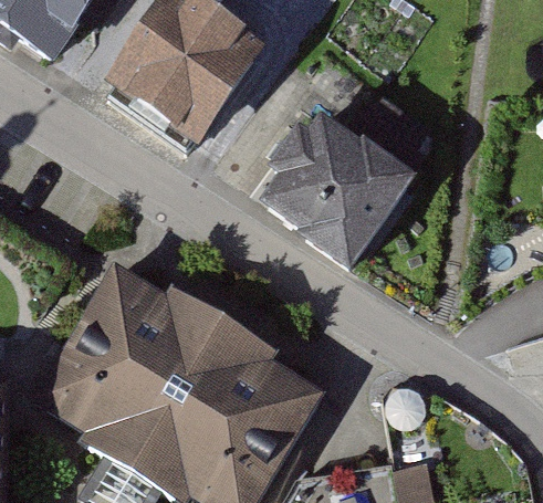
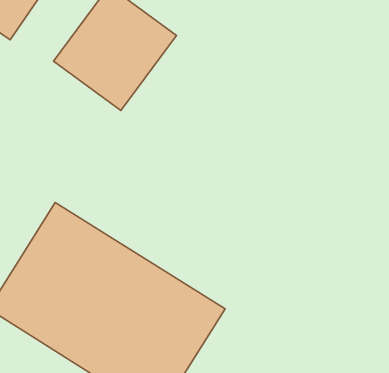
building: [269,97,418,252] -> none

